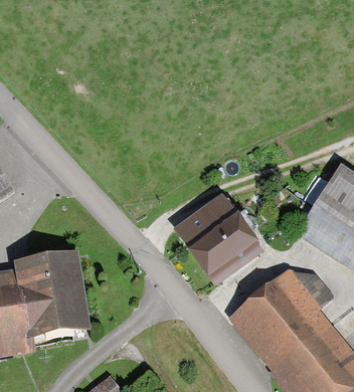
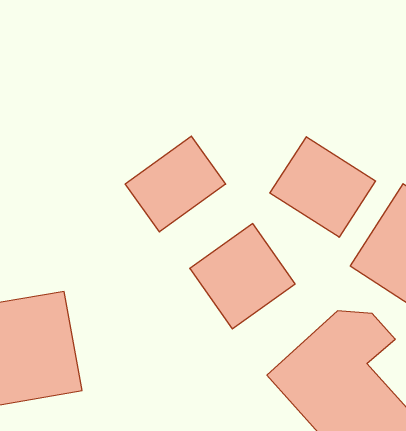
building: none -> [125,136,226,232]
building: none -> [270,137,376,237]

